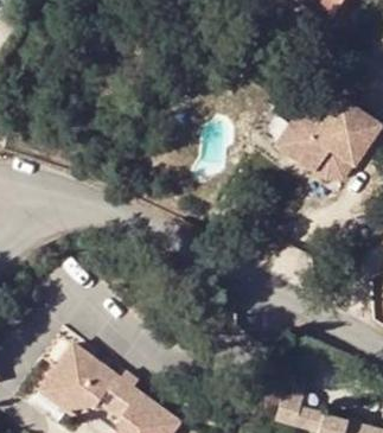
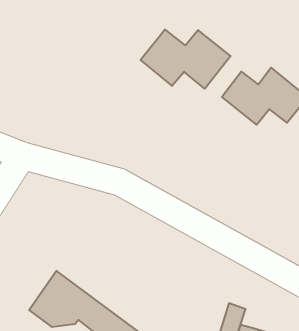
building: none -> [141,29,231,89]

